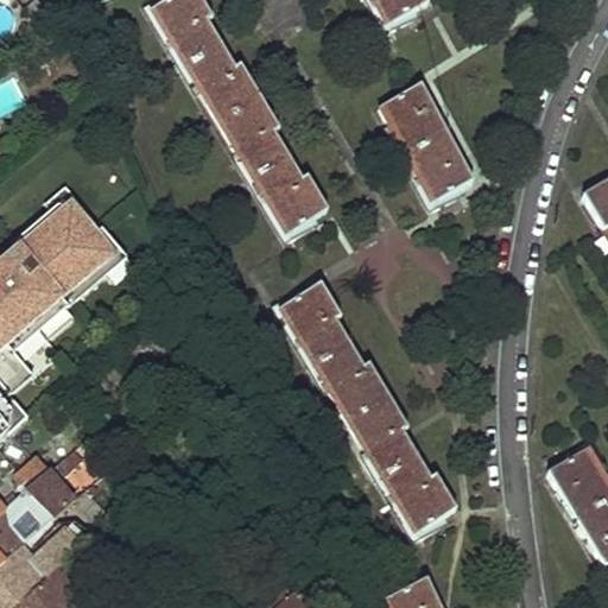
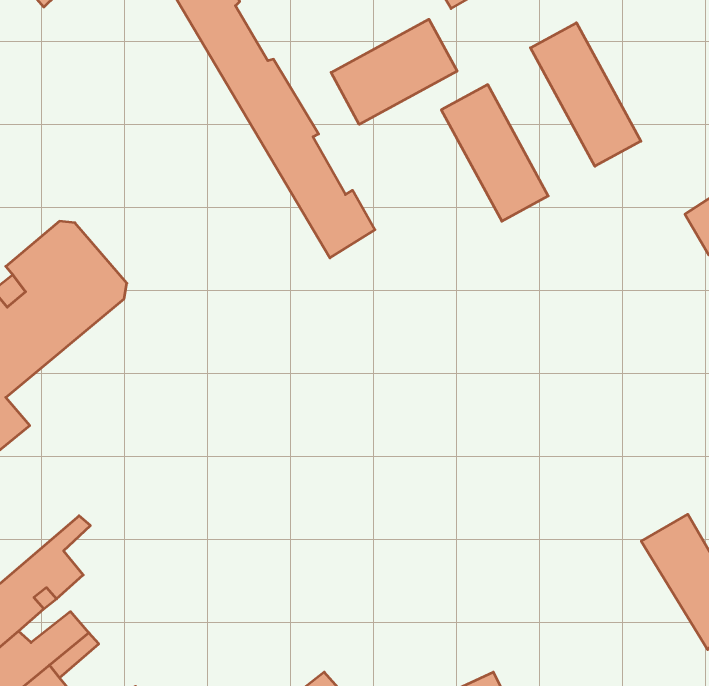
building: none -> [331,19,457,124]
building: none -> [530,23,641,166]
building: [280,284,454,527] -> none

